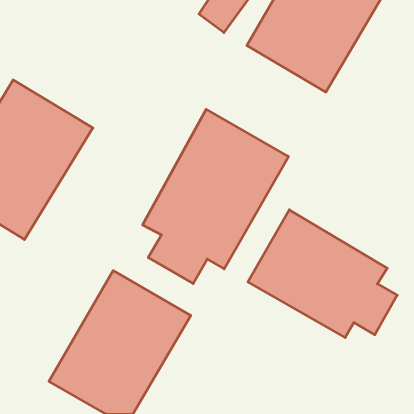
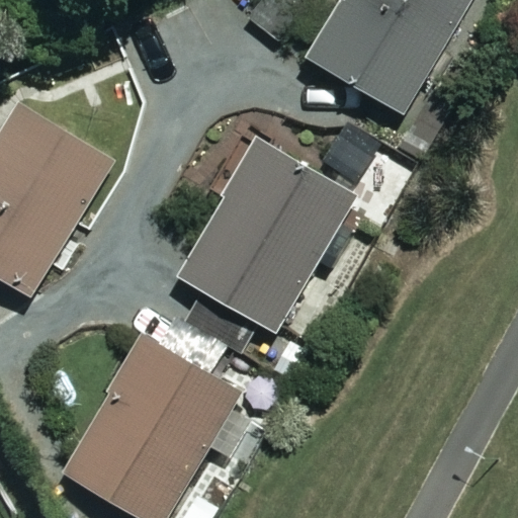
building: [248,210,397,338] -> none

